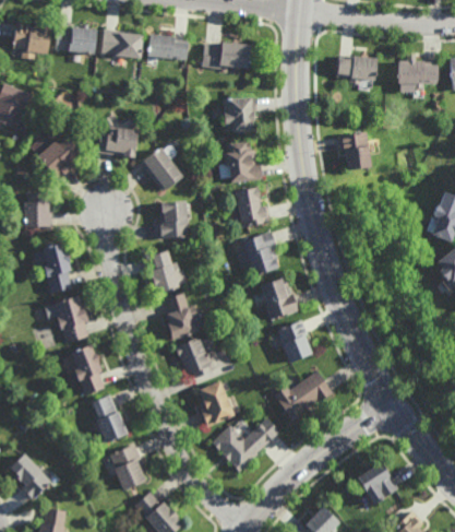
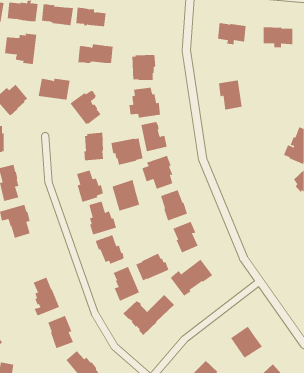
building: [202,42,250,68] -> [78,44,114,64]
building: none -> [4,33,37,65]
building: none -> [111,137,143,165]
building: none -> [112,179,140,211]
building: [70,343,104,395] -> none
building: none -> [136,253,169,281]

